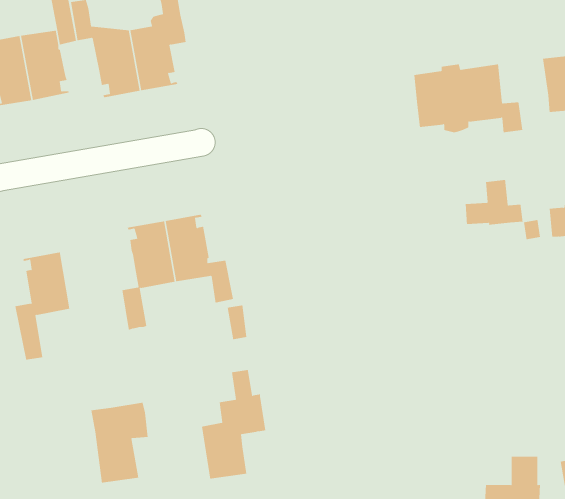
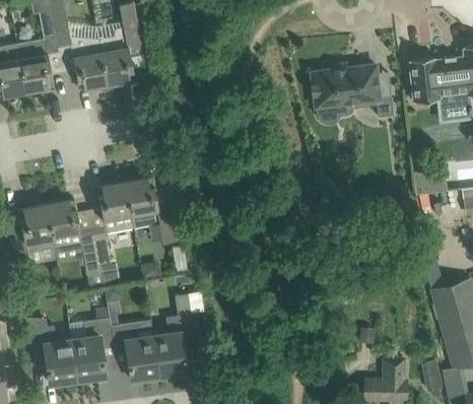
building: [465,179,523,226] -> none
building: none -> [47,201,99,275]
building: none -> [109,315,158,381]
building: none -> [28,327,77,384]

